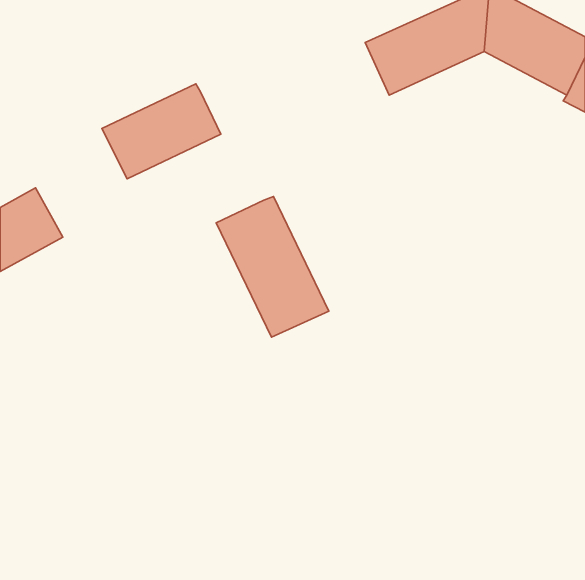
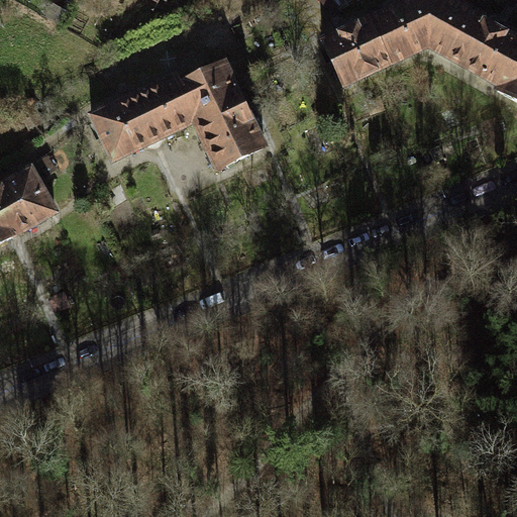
building: none -> [177,59,266,167]
building: [216,196,329,337] -> none

